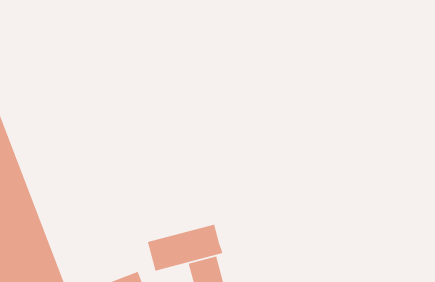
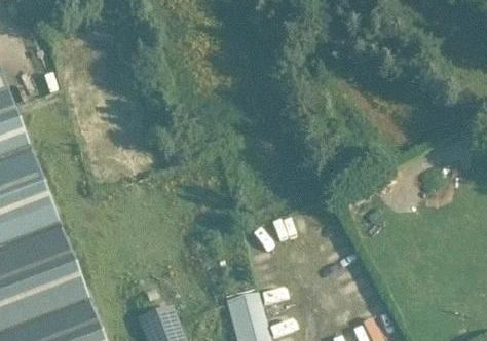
building: [147,224,223,272] -> none

